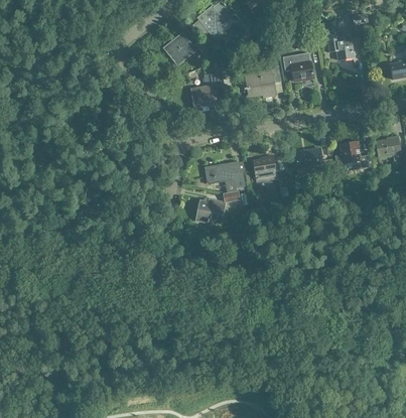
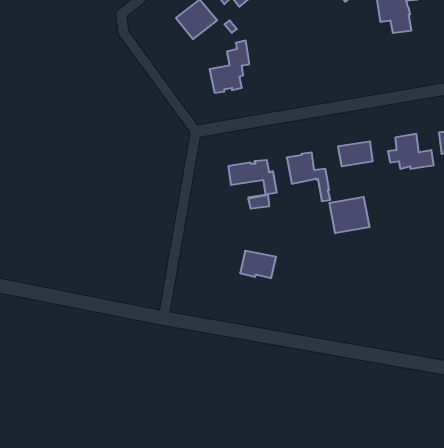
building: [282,52,312,80] -> none
building: [245,53,280,97] -> none
building: none -> [329,197,369,233]
building: [195,200,225,223] -> [240,251,276,278]

